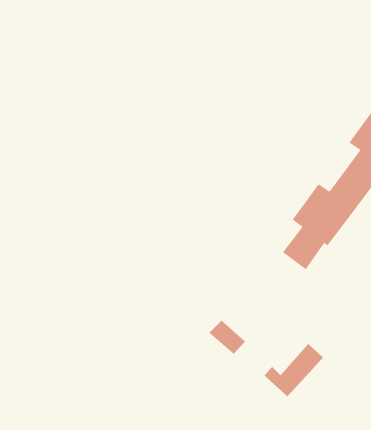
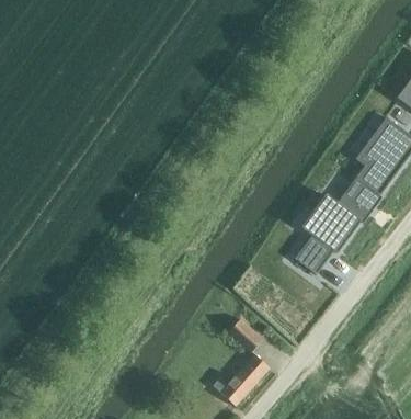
building: [263,343,324,397] -> [212,355,266,405]

